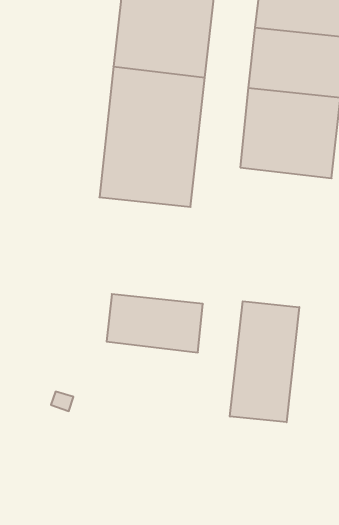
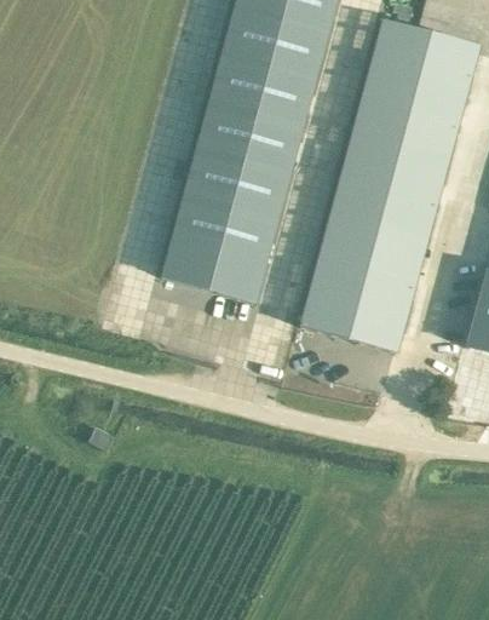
building: none -> [301,218,426,352]
building: [107,294,203,352] -> [162,226,271,303]
building: [230,301,299,422] -> none

